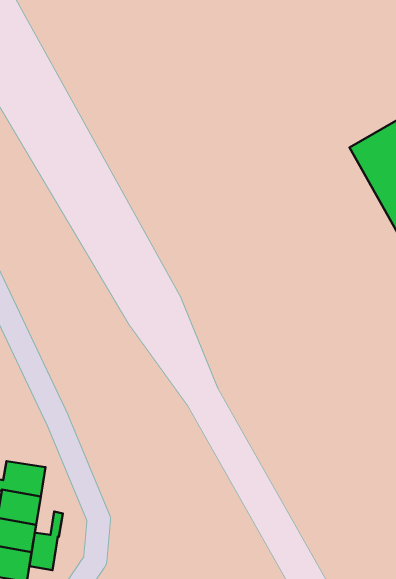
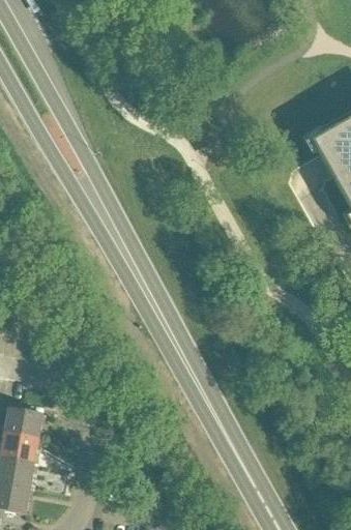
building: [29,511,63,570] -> none

